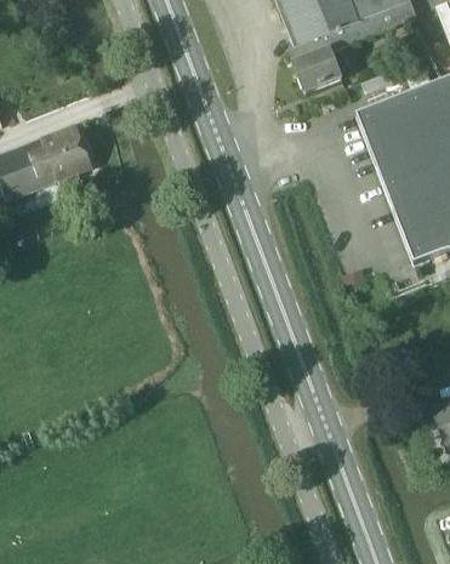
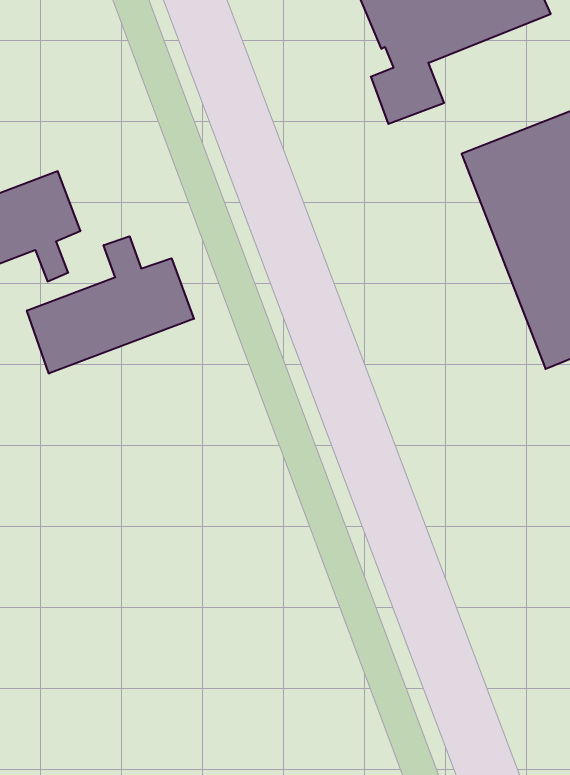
building: none -> [27,236,194,374]

